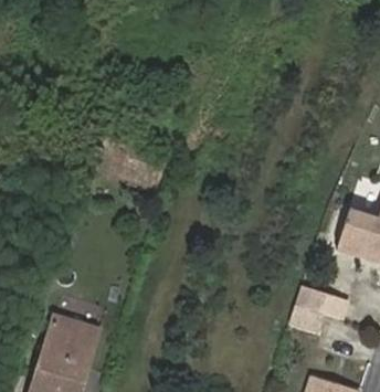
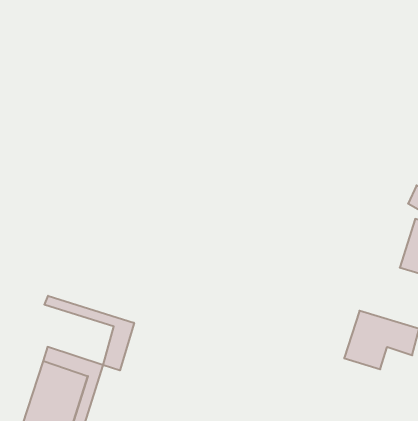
building: none -> [44,296,134,370]

